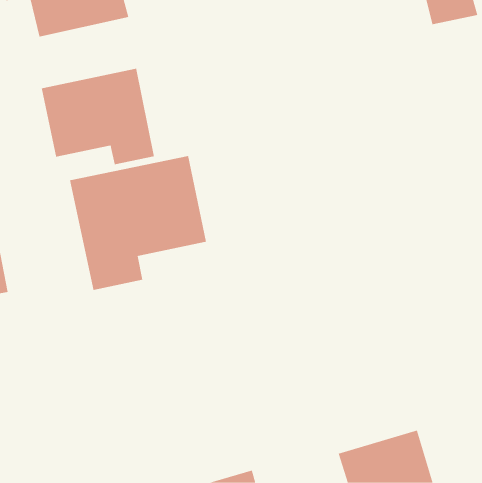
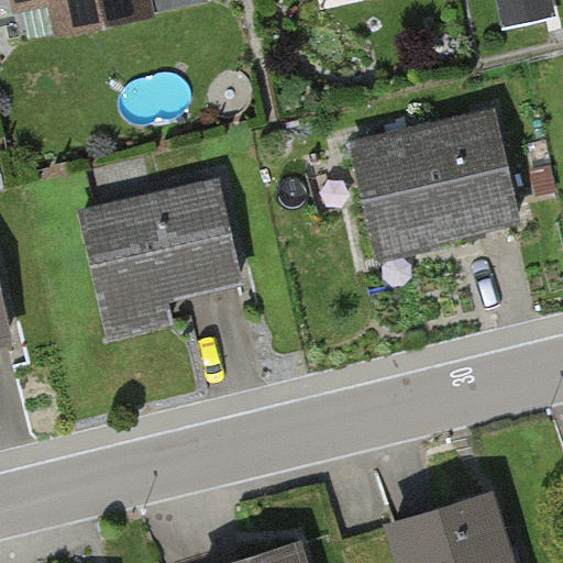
building: [41,68,154,165] -> none
building: none -> [353,118,515,246]

